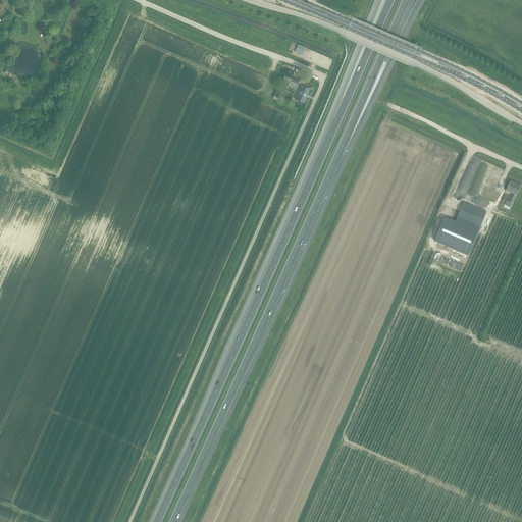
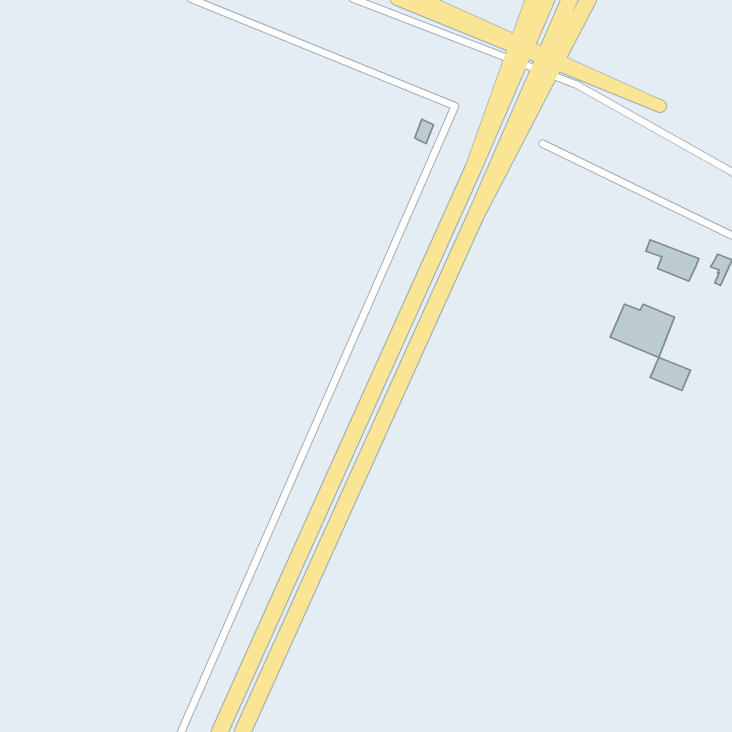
building: [457,202,485,225] -> [650,357,690,390]

